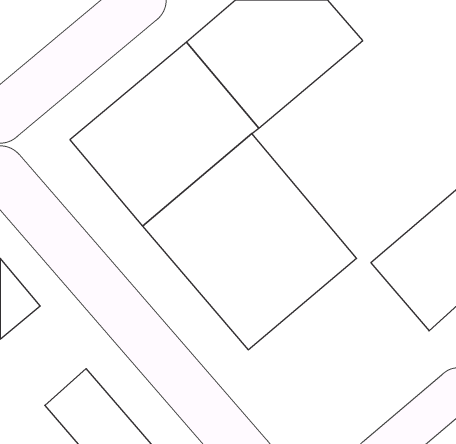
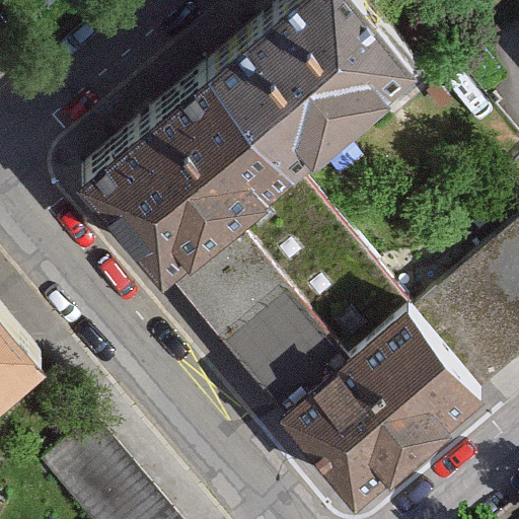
building: none -> [283,302,488,500]

